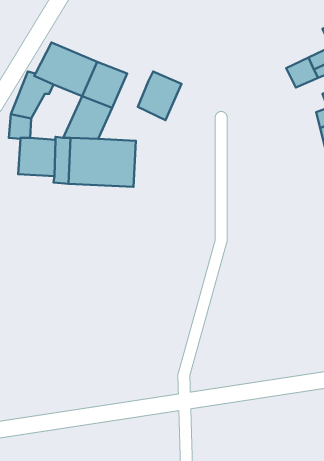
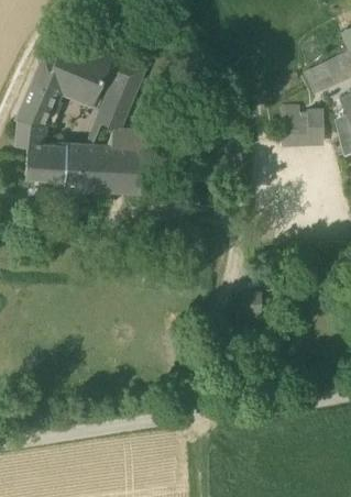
building: [138,71,181,120] -> none
building: none -> [281,107,323,143]

